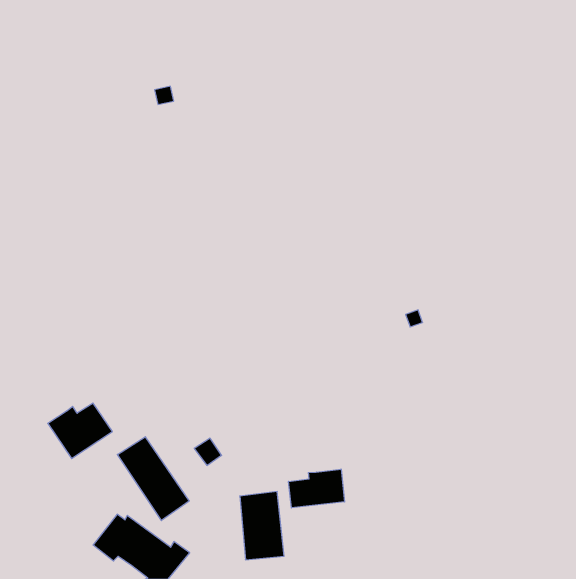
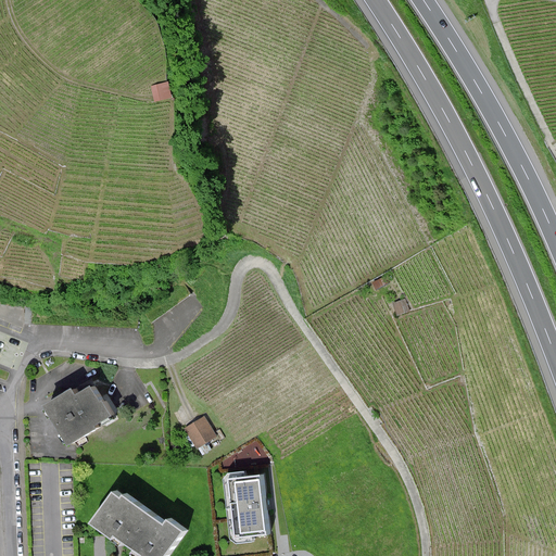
building: [117,437,189,521] -> none
building: [289,469,345,508] -> none

